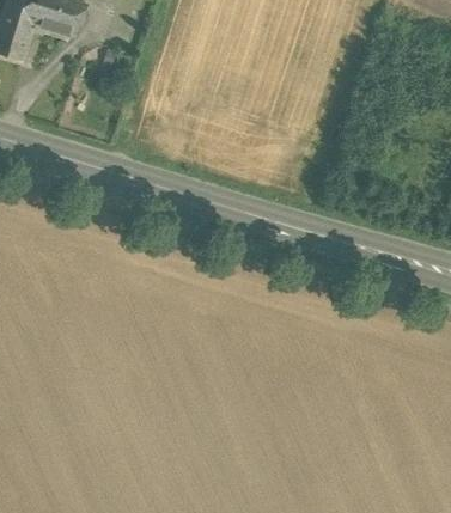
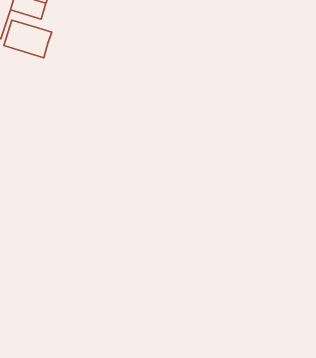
building: none -> [4,20,52,58]

